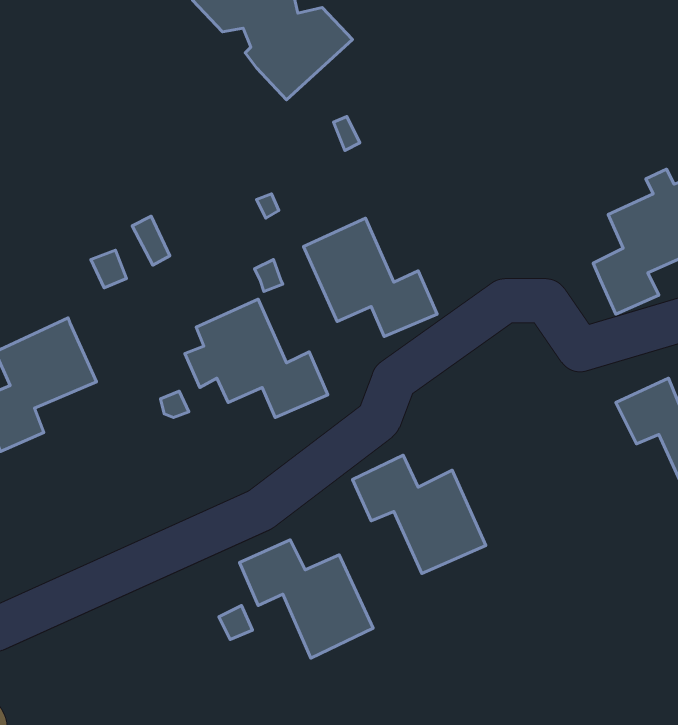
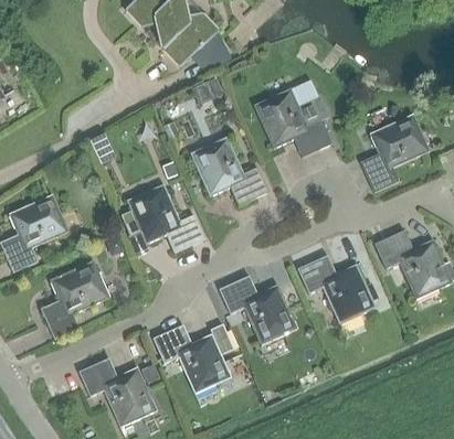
building: none -> [253,88,331,158]
building: none -> [297,255,376,323]
building: none -> [40,261,109,339]
building: none -> [78,357,157,427]

